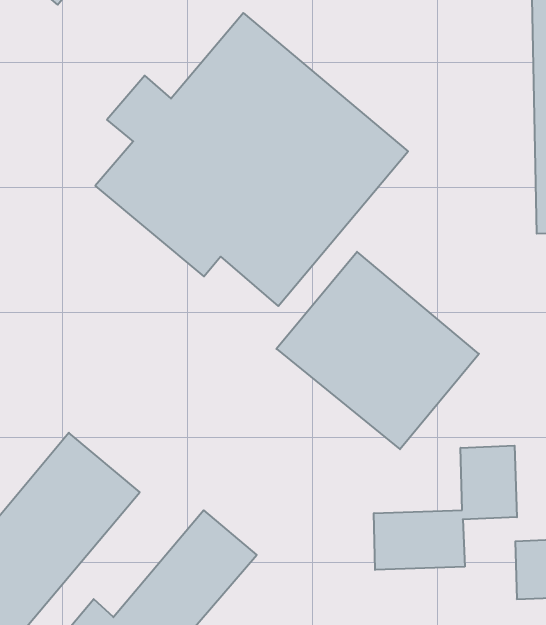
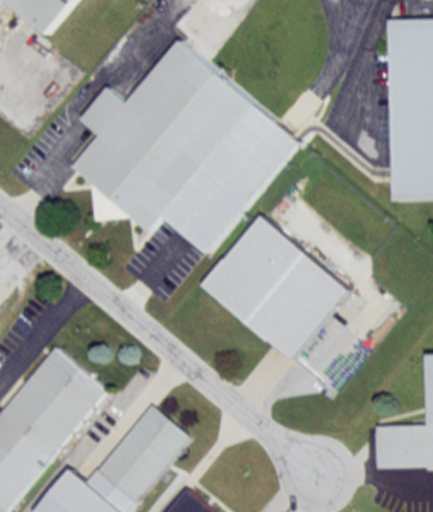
building: [374,446,517,570] -> none

